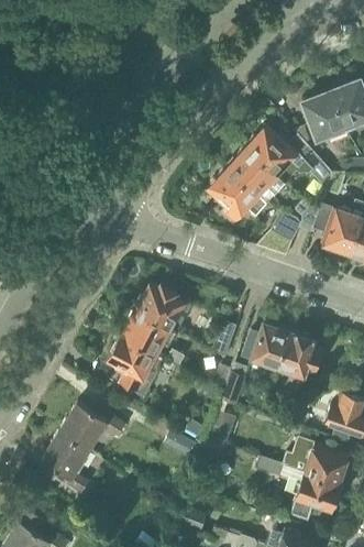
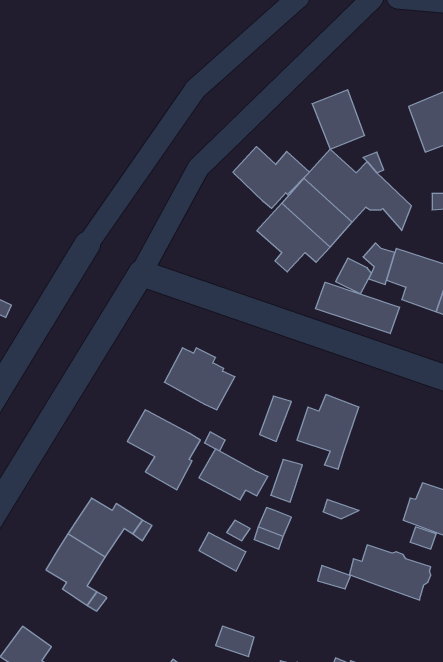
building: [302,90,344,138] -> [312,90,365,149]
building: none -> [233,147,309,208]
building: none -> [316,282,400,334]
building: [123,310,178,351] -> [199,449,268,500]
building: [279,330,323,374] -> none
building: [290,472,342,522] -> none

